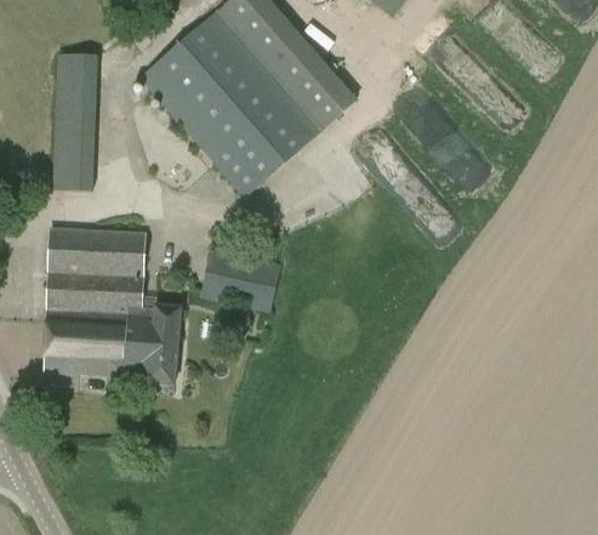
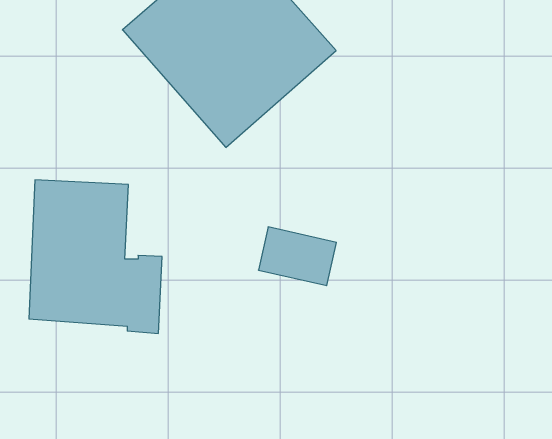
building: [53,53,97,189] -> none
building: [201,249,280,308] -> [258,227,336,286]

